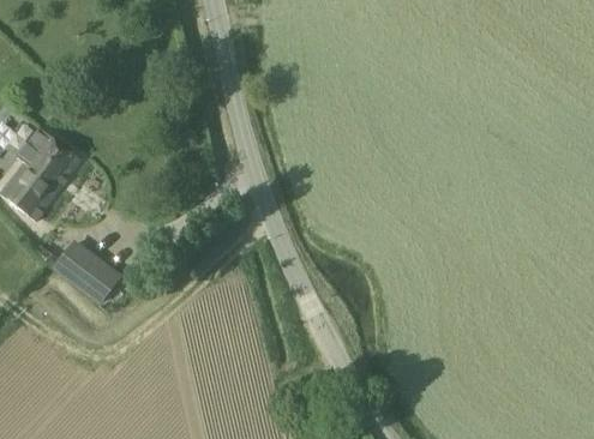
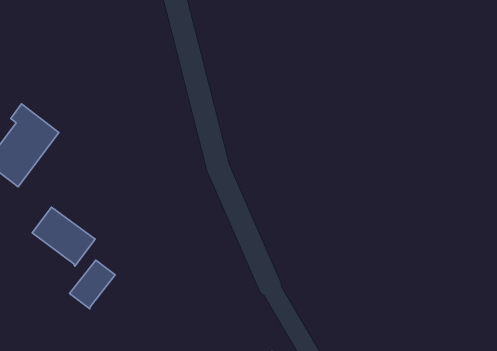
building: none -> [70,260,115,309]

